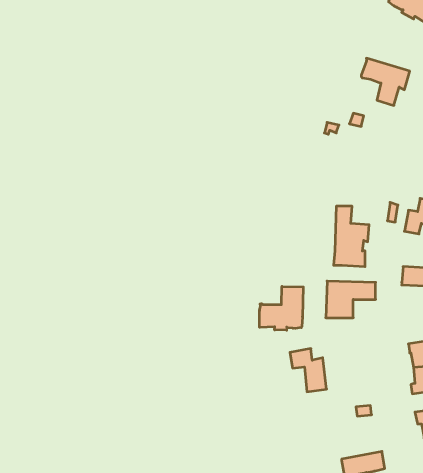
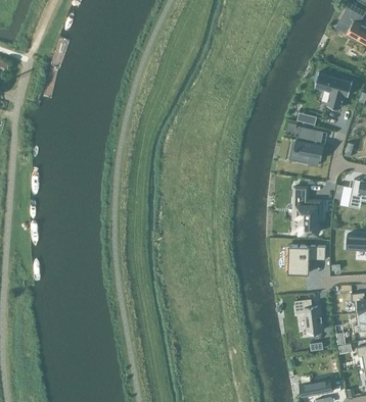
building: none -> [295,127,324,165]
building: [260,286,303,330] -> none
building: [290,349,327,392] -> [294,300,323,334]

